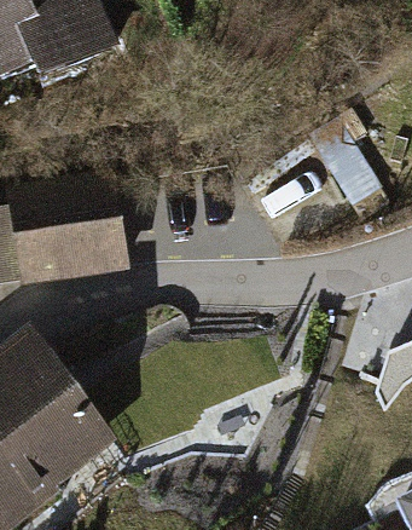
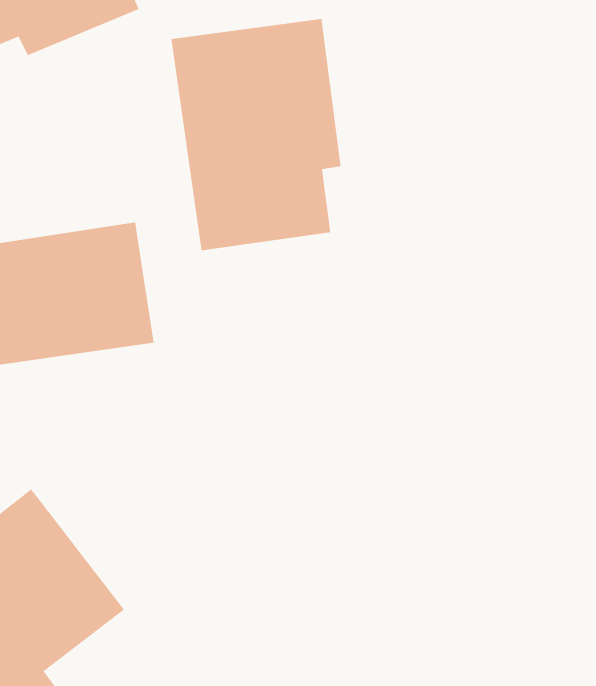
building: none -> [171,18,341,251]

